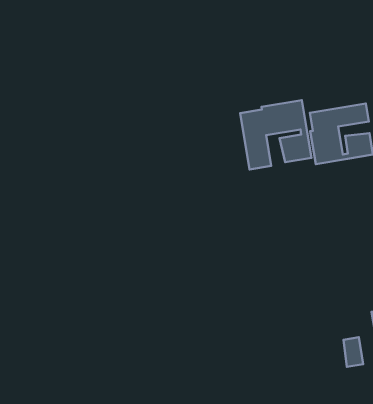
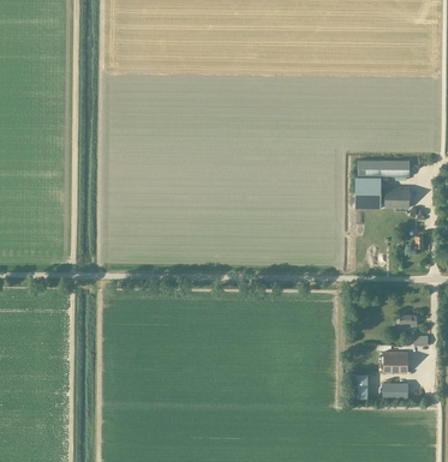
building: [240,100,312,170] -> none

